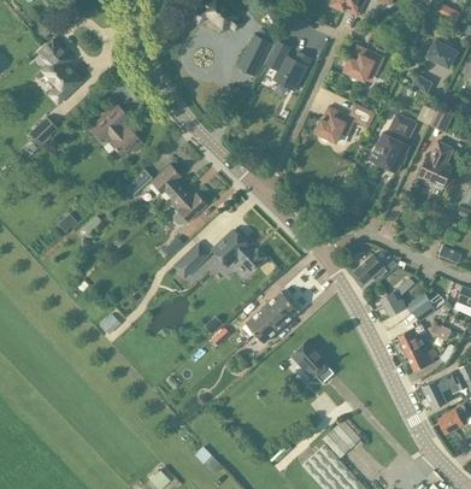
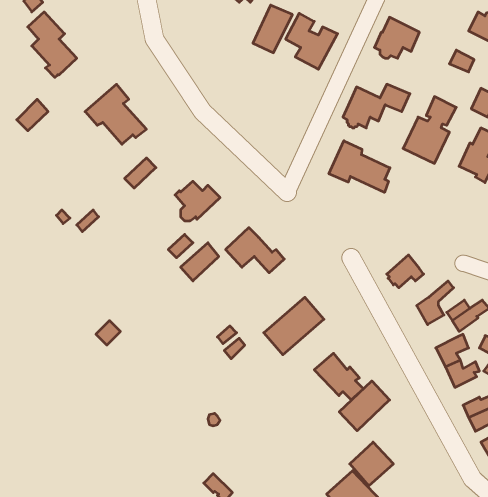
building: none -> [329,141,390,192]
building: [151,164,183,199] -> none
building: none -> [339,381,390,431]

